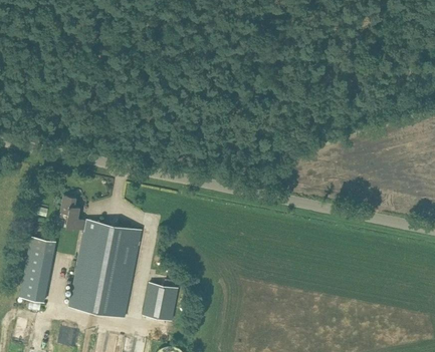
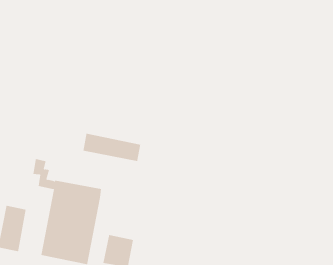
building: none -> [83,133,141,162]

